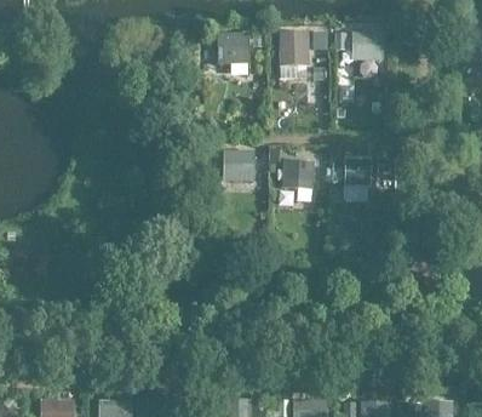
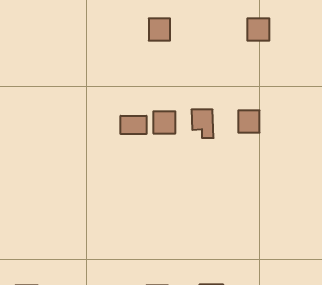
building: [279,28,308,61] -> none
building: none -> [121,116,146,134]

